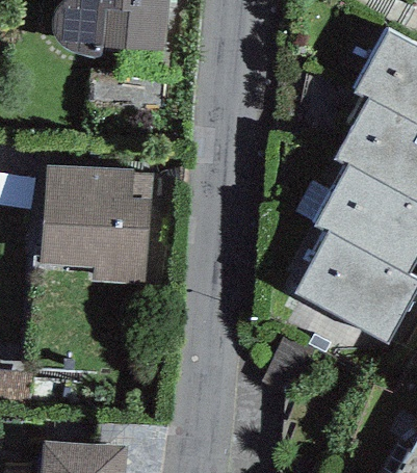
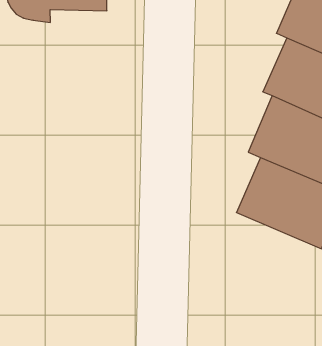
building: [43,165,152,286] -> none

